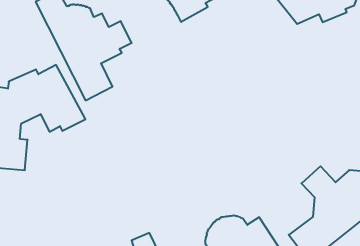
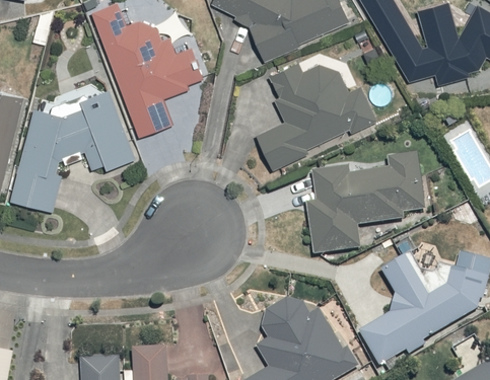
building: none -> [256,52,375,168]
building: none -> [307,151,424,252]

